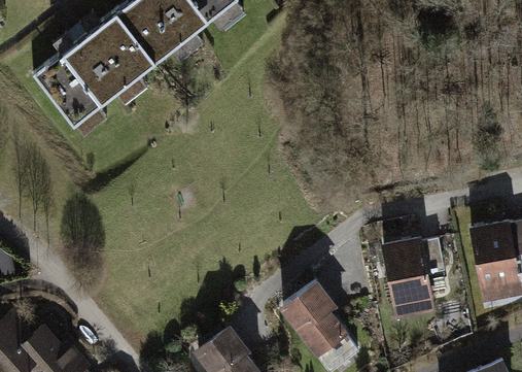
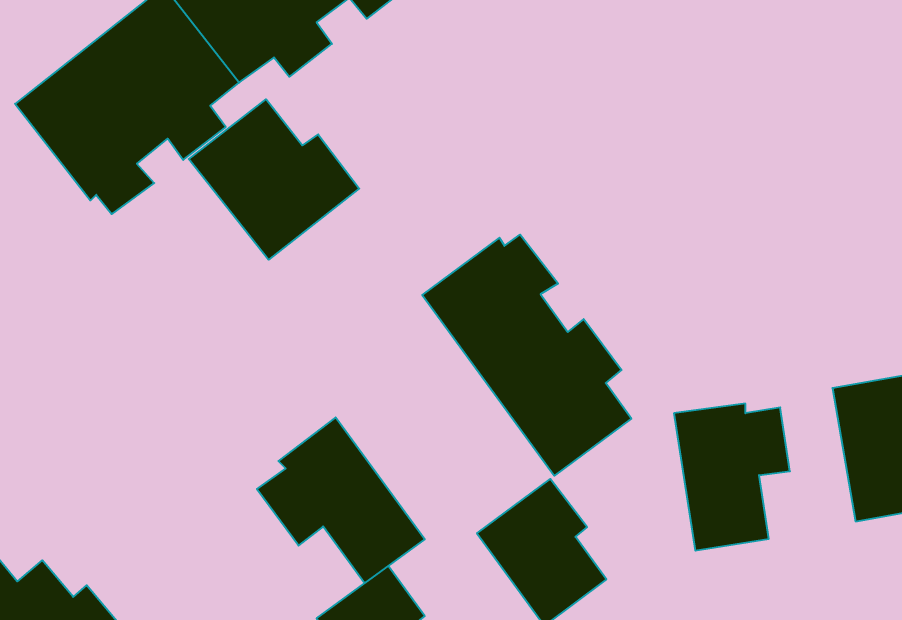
building: none -> [189,99,359,260]
building: none -> [422,235,631,476]
building: none -> [257,417,425,583]

